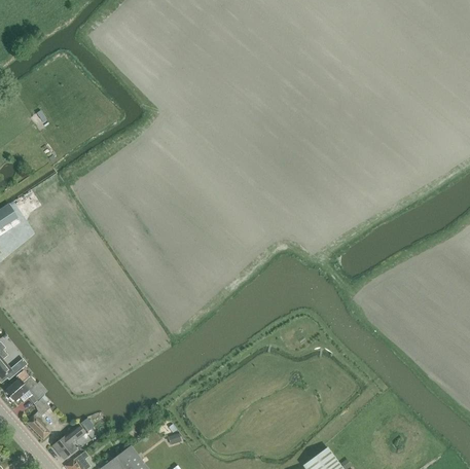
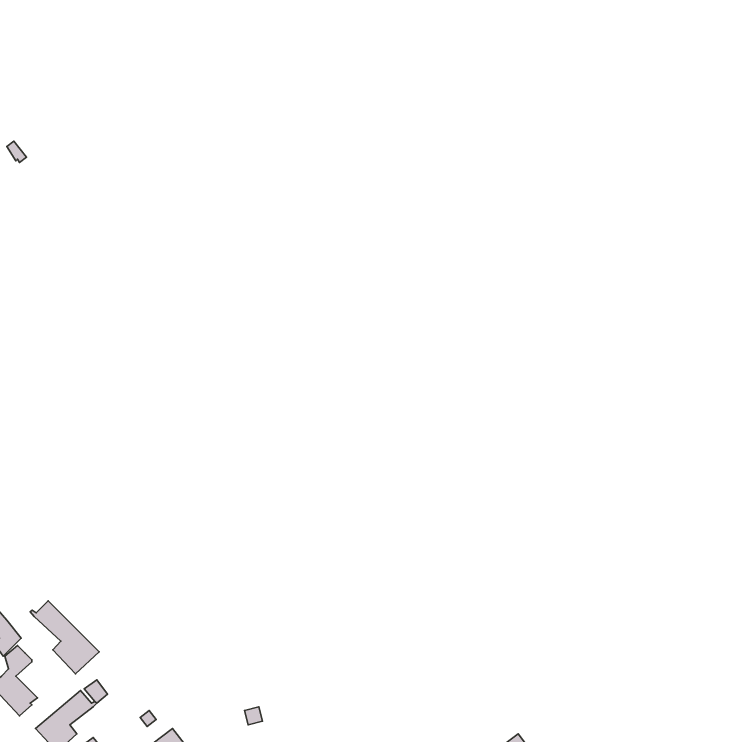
building: none -> [30,601,99,674]

